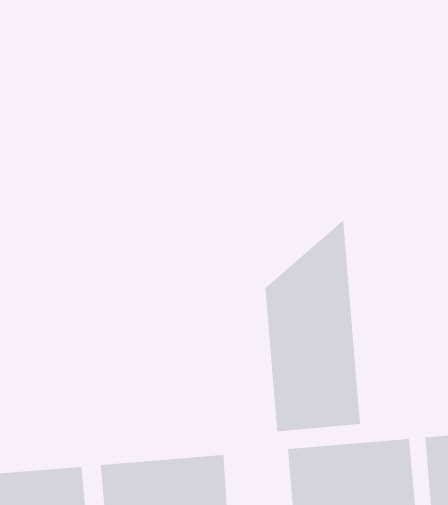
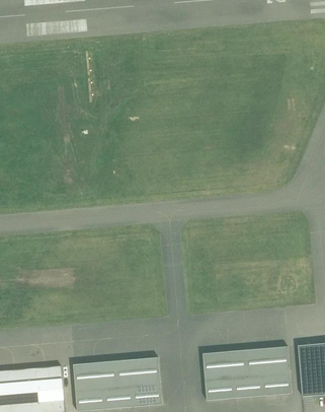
building: [265,219,361,432] -> none

